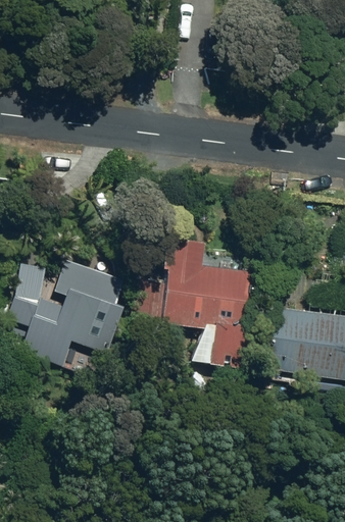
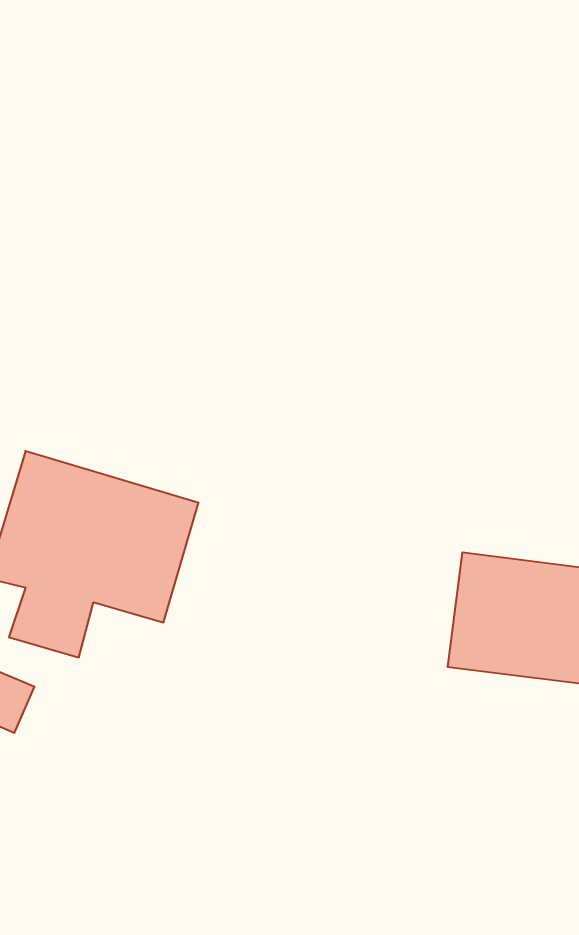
building: [162,237,253,369] -> none

